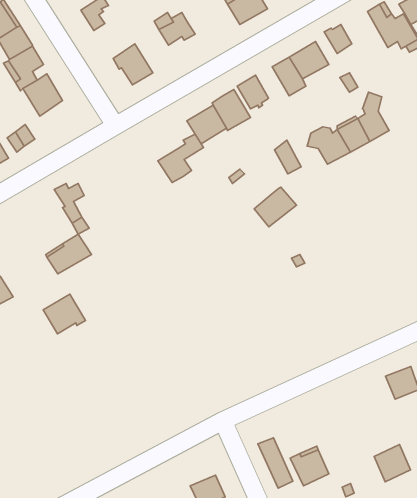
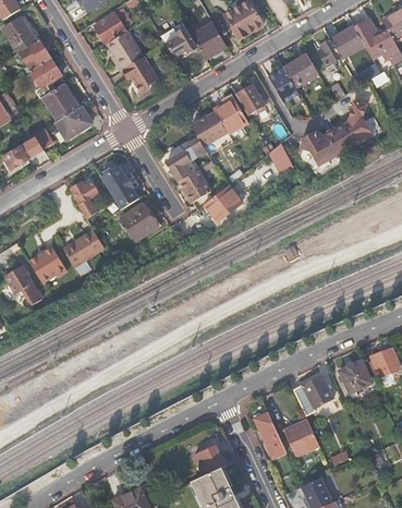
building: none -> [190,23,226,56]
building: none -> [329,25,363,58]
building: none -> [106,31,143,71]
building: none -> [54,106,92,138]
building: none -> [100,162,142,208]
building: none -> [176,169,208,202]
building: [254,187,296,227] -> [204,184,242,220]
building: none -> [121,203,157,240]
building: [43,294,85,334] -> [27,247,65,283]
building: none -> [302,376,332,408]
building: [374,444,410,482] -> [339,360,371,394]

